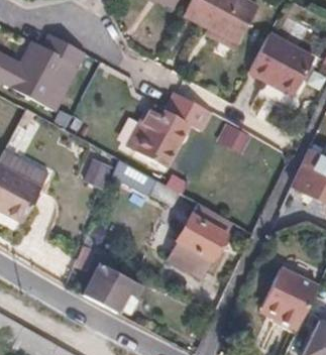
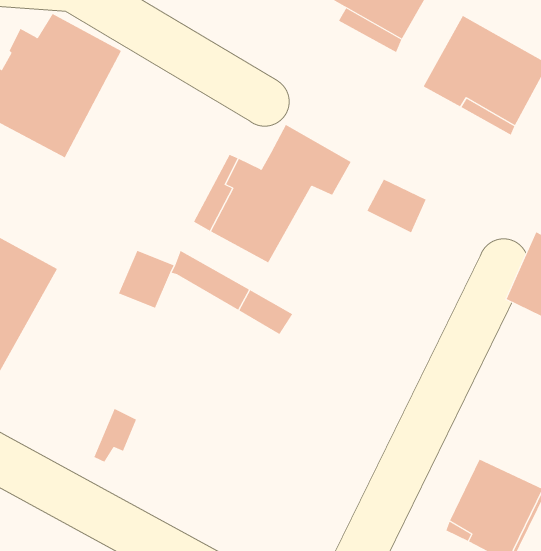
building: [164,204,231,279] -> none
building: [84,265,141,313] -> none

